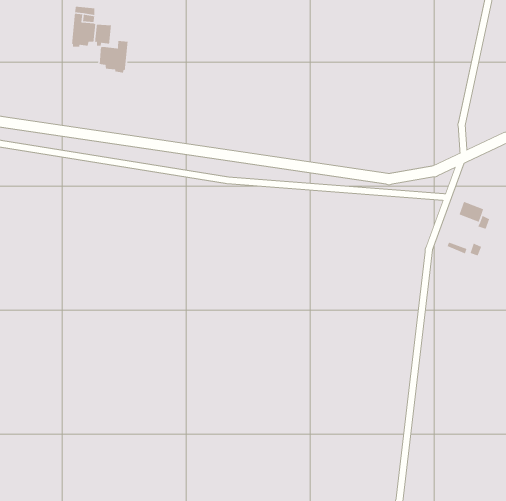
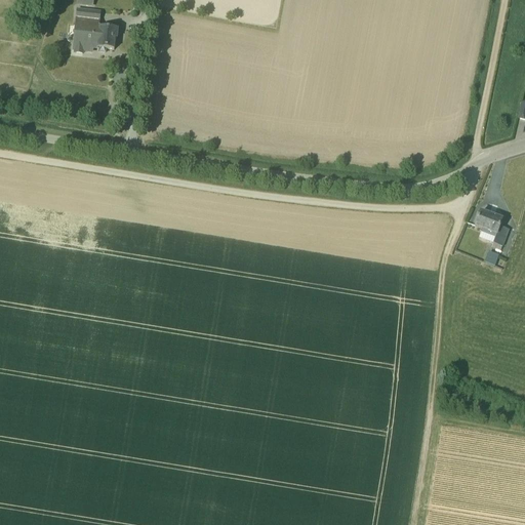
building: [99,40,128,73] -> none

